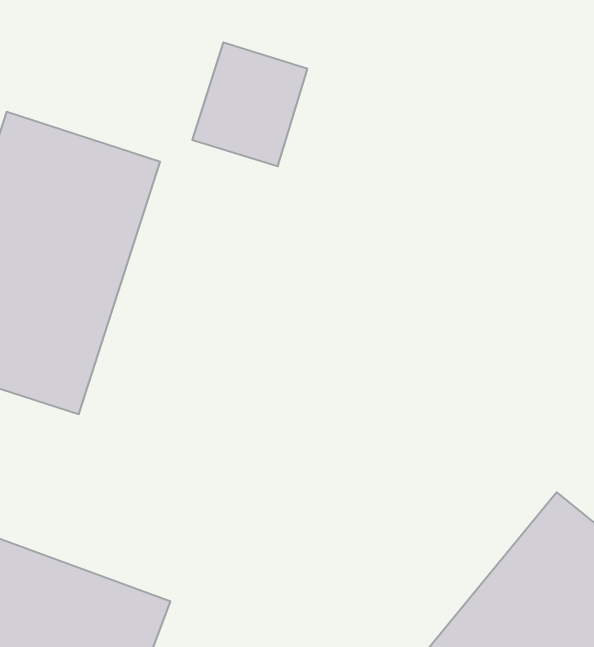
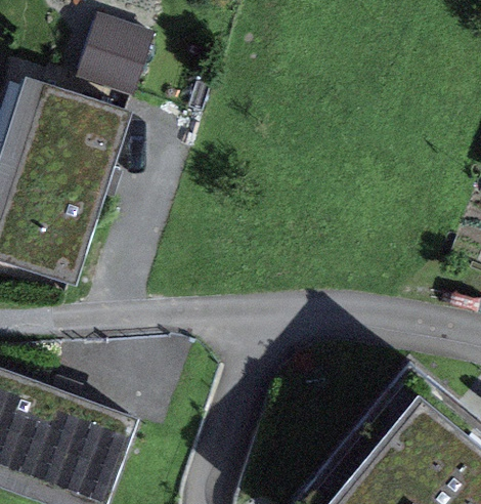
building: [192,42,307,166] -> [73,16,152,102]

